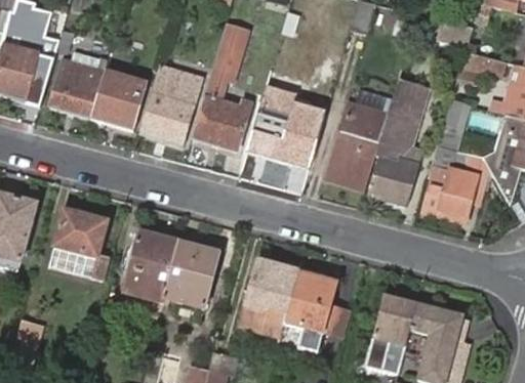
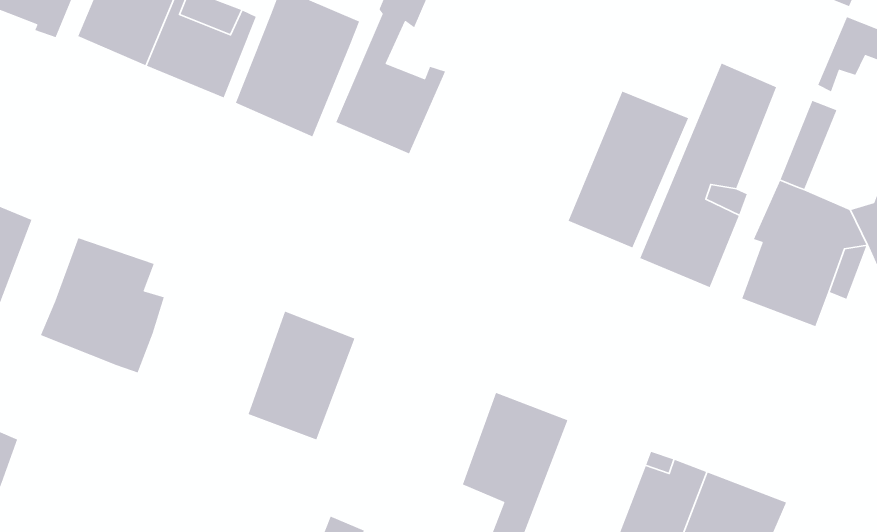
building: [254,86,306,164] -> none
building: [121,229,178,302] -> none
building: [240,262,297,336] -> none

